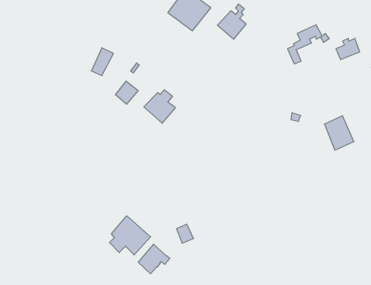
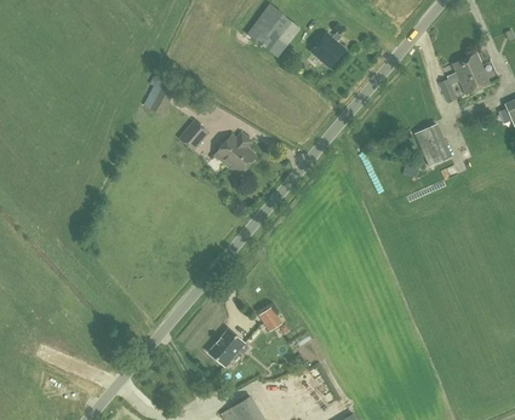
building: [288,25,322,64] -> [440,51,483,100]
building: [324,116,354,150] -> [414,121,452,165]
building: [109,216,151,255] -> none

